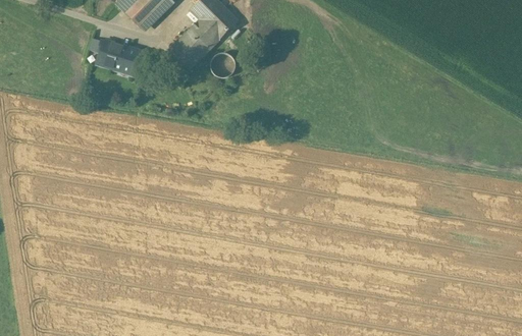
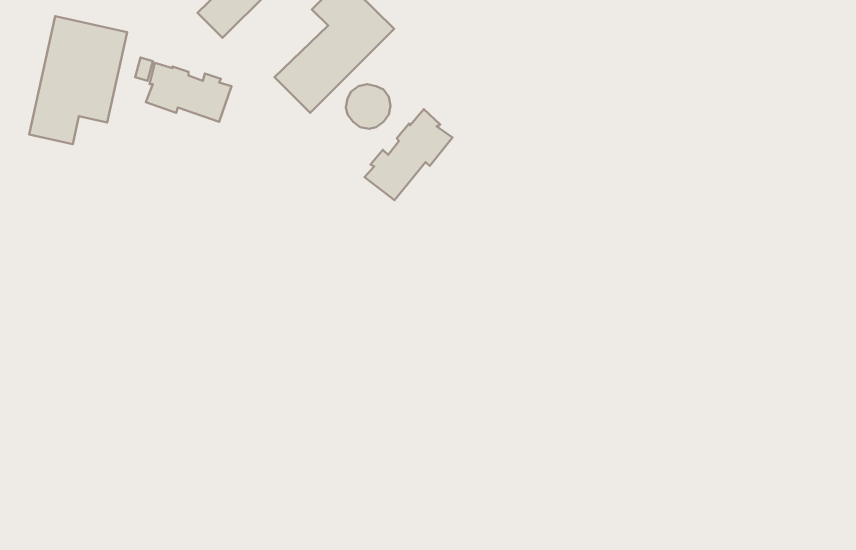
building: none -> [29,16,127,144]
building: none -> [364,109,453,200]

